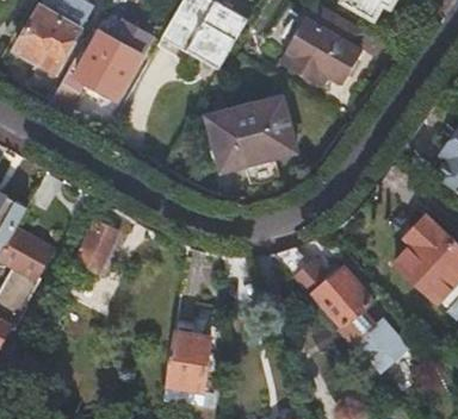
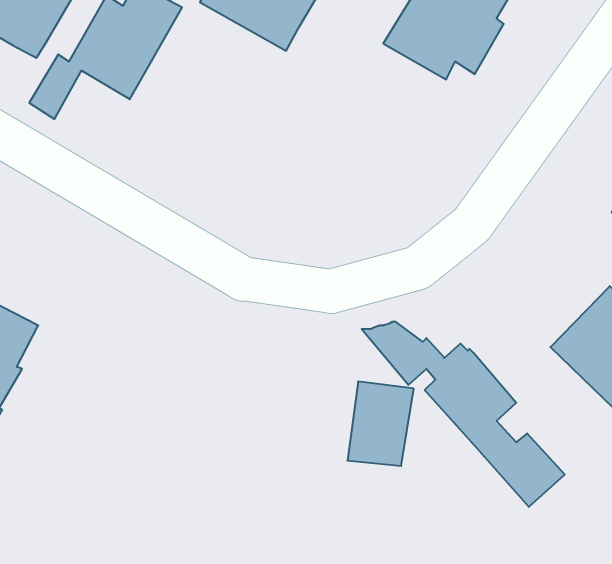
building: [206,98,295,170] -> none
building: [74,223,117,276] -> none
building: [167,332,211,388] -> [347,381,414,466]

